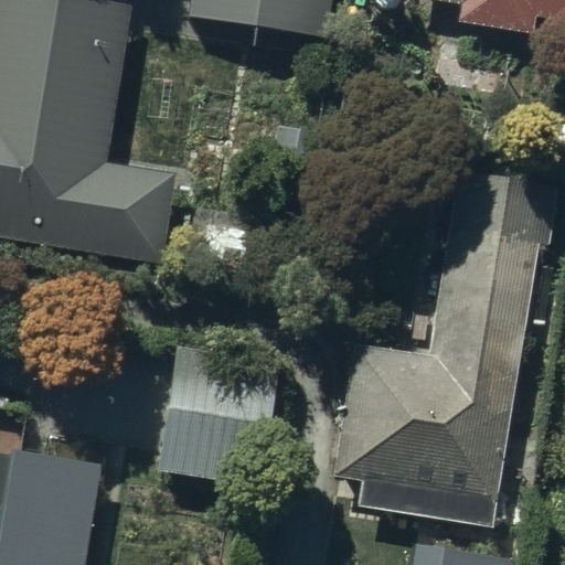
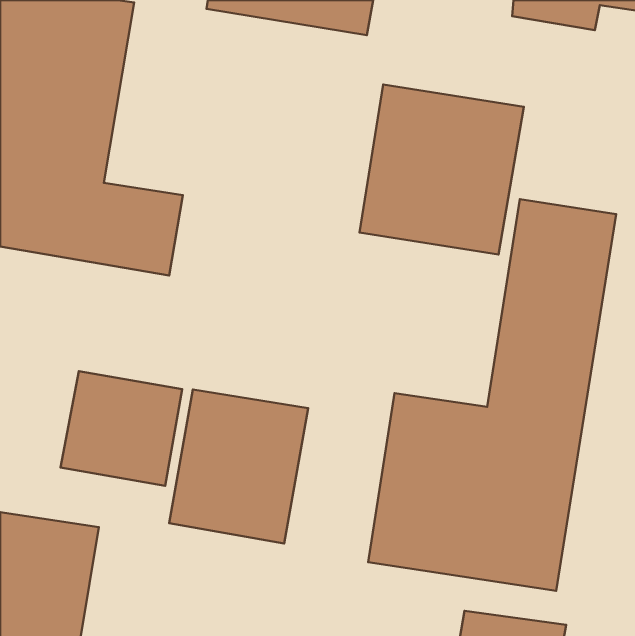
building: none -> [359,84,524,255]
building: none -> [61,371,182,486]

